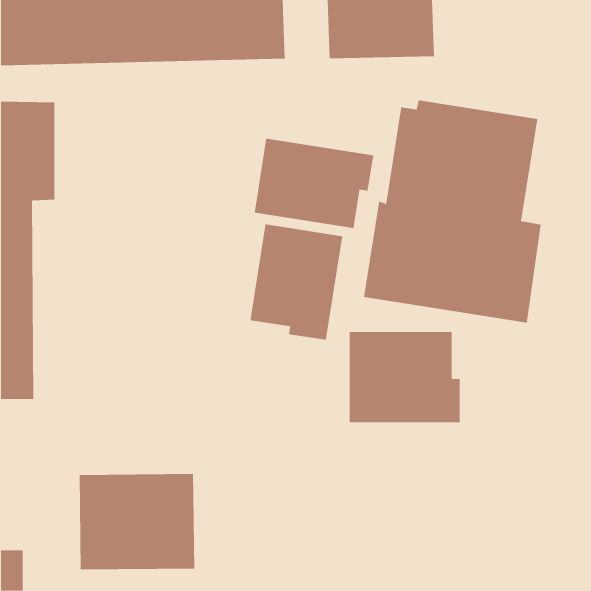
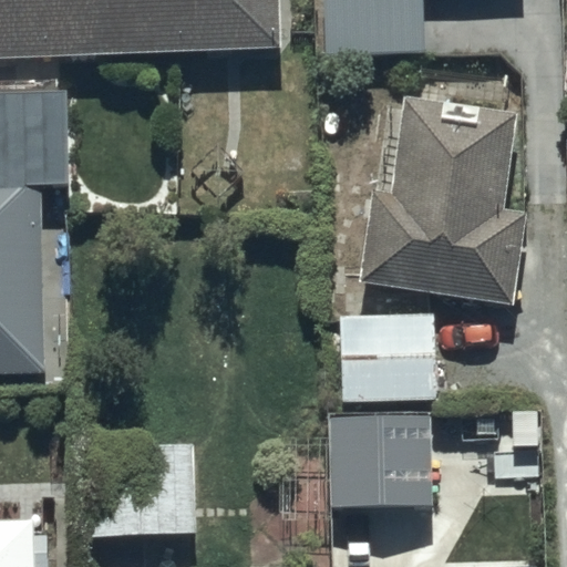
building: [254,138,374,229] -> none
building: [250,224,343,341] -> none
building: none -> [338,408,440,499]

